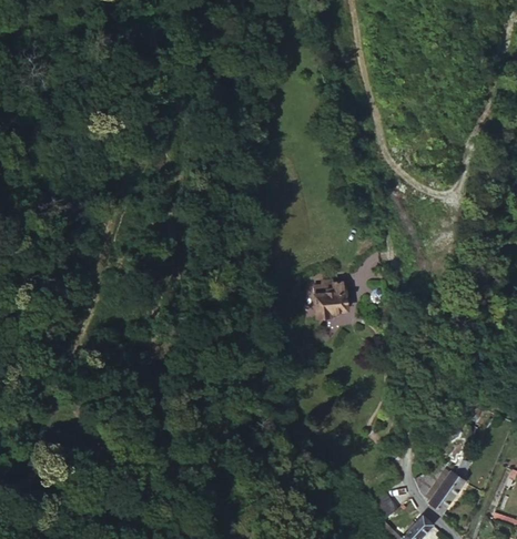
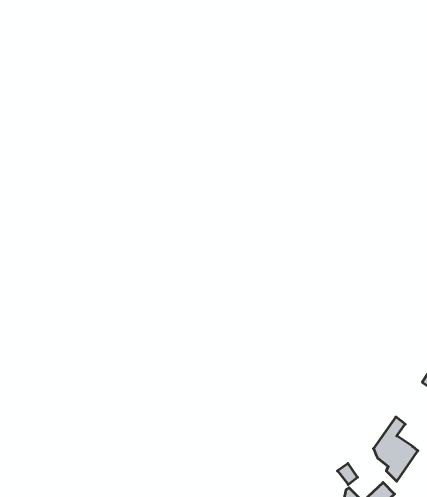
building: [316,278,353,318] -> none

